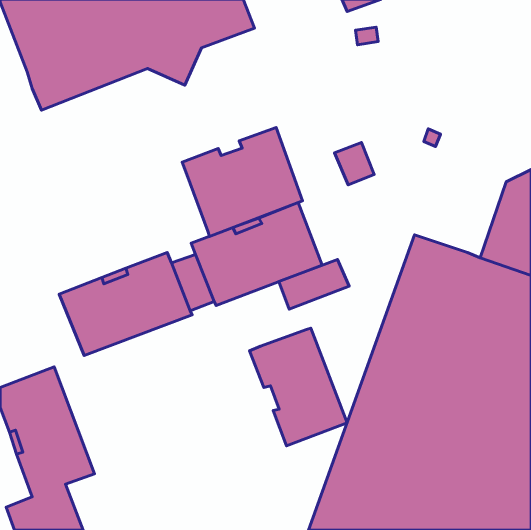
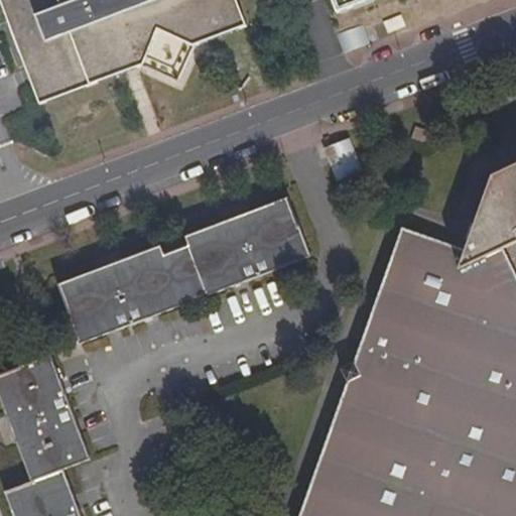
building: [182,127,303,236] -> none
building: [279,260,349,309] -> none
building: [250,328,347,446] -> none

